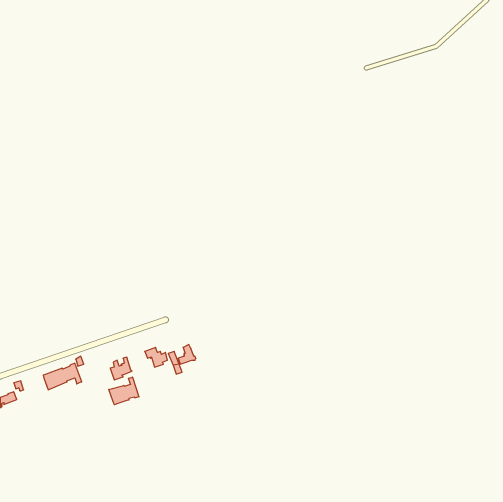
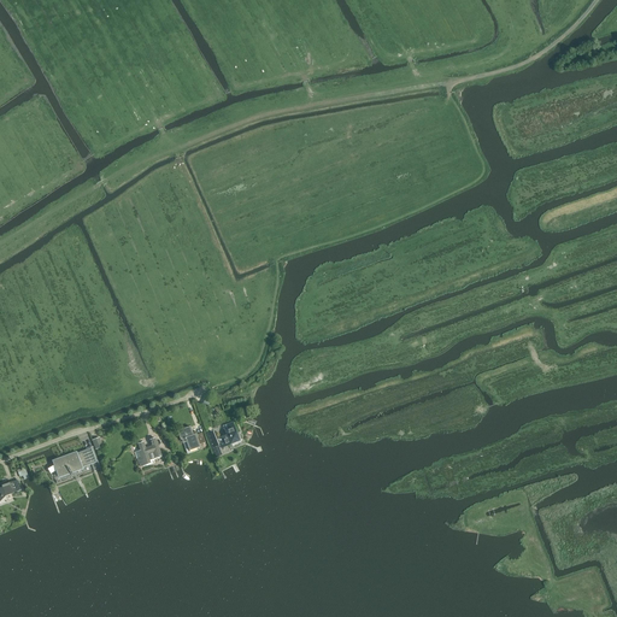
building: [109,377,139,405] -> none

